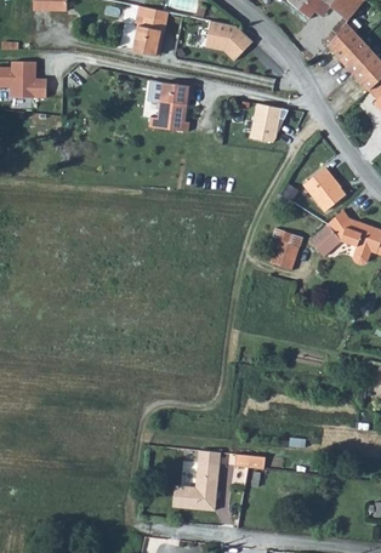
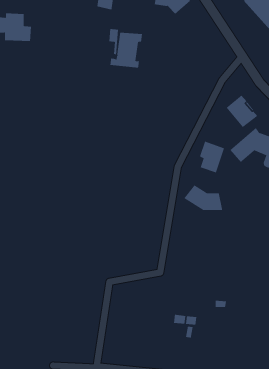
building: [252,104,285,144] -> none
building: none -> [183,185,223,211]
building: [174,452,220,512] -> none

